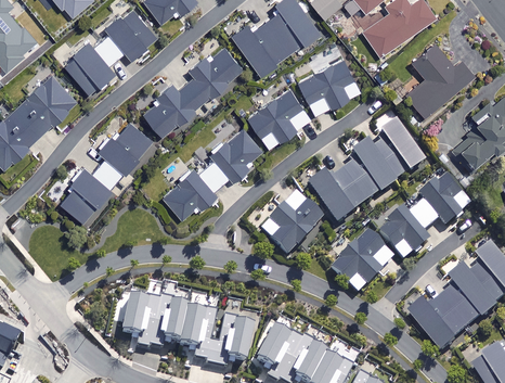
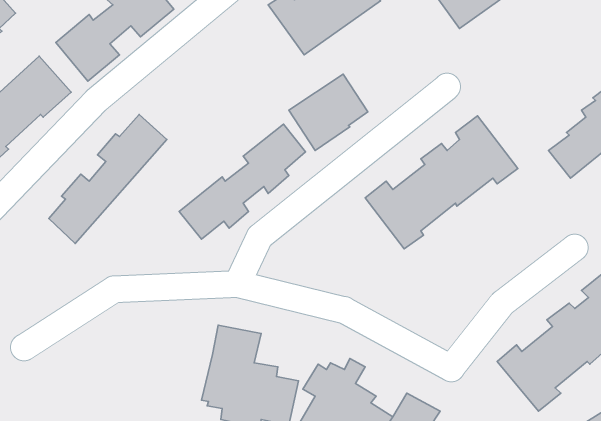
building: [406,44,475,117] -> none
building: [145,47,245,138] -> none
building: [299,60,361,117] -> none
building: [378,176,471,261] -> none
building: [260,193,321,255] -> none
building: [332,233,394,295] -> none
building: [107,276,189,348] -> none

